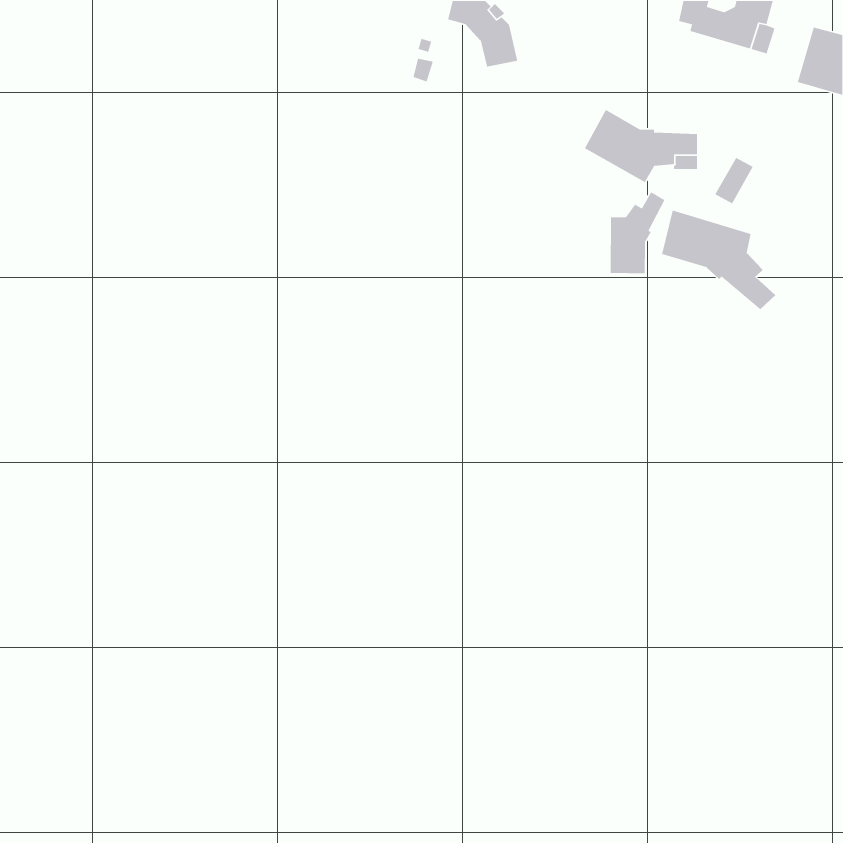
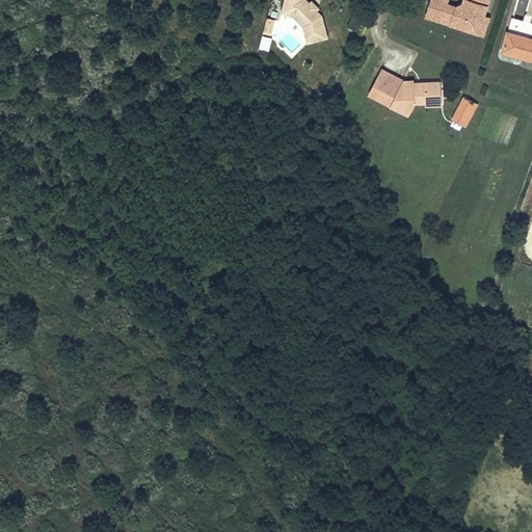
building: [610,191,666,274] -> none
building: [661,209,776,310] -> none

